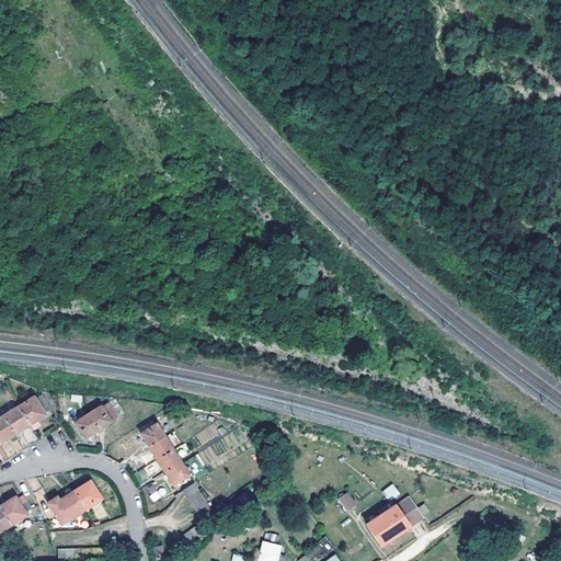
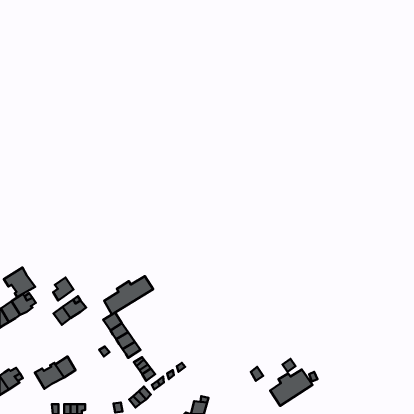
building: none -> [4,268,35,297]
building: none -> [104,276,153,315]
building: none -> [53,278,74,300]

